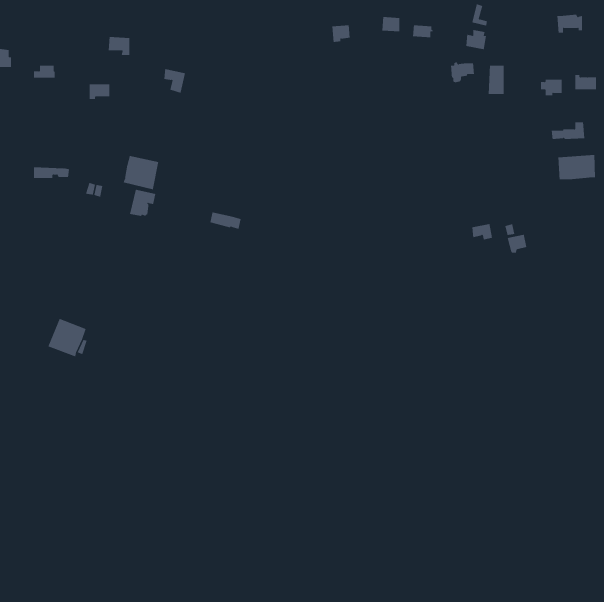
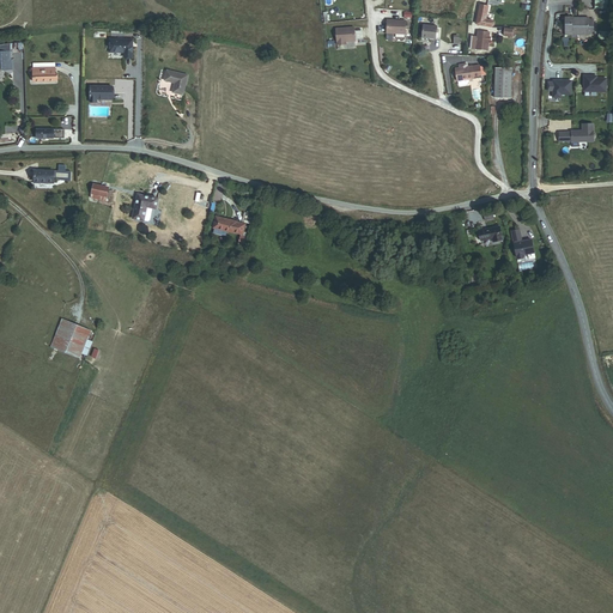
building: [558,154,596,180] -> none
building: [123,155,159,190] -> none

